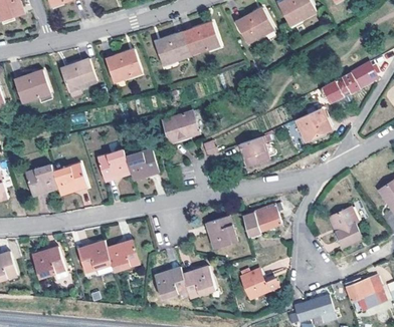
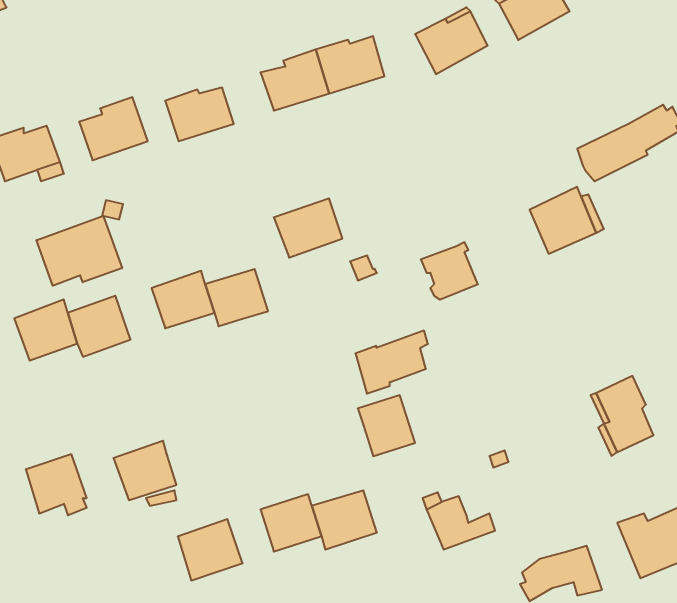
building: none -> [36,216,122,286]
building: [243,204,281,237] -> [355,331,428,394]
building: [106,238,140,270] -> [178,519,243,580]

